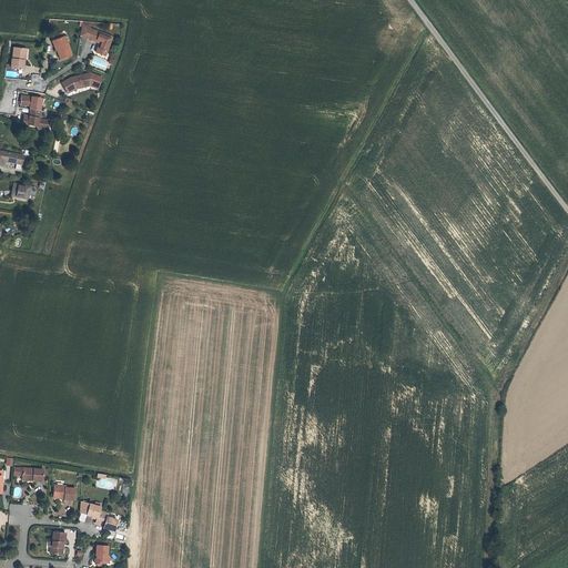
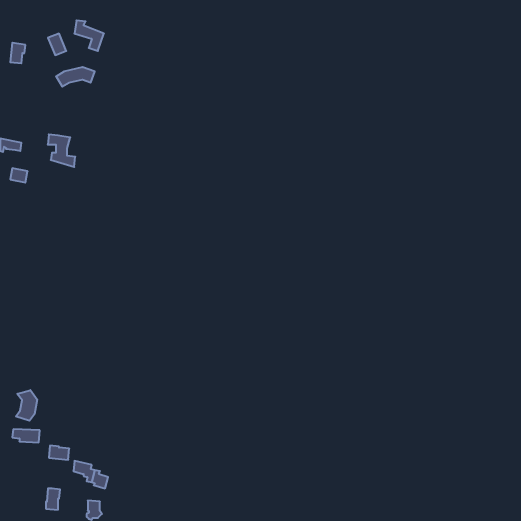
building: [20,95,50,131] -> [48,134,75,167]
building: none -> [16,390,37,421]

